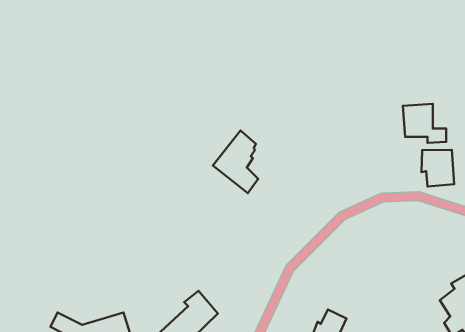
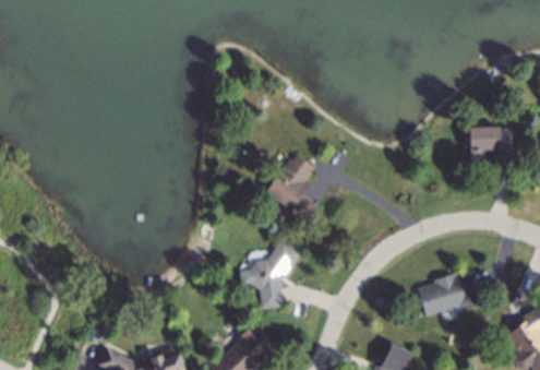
building: [421,150,454,186] -> none
building: none -> [242,239,302,309]
building: none -> [420,272,480,317]

